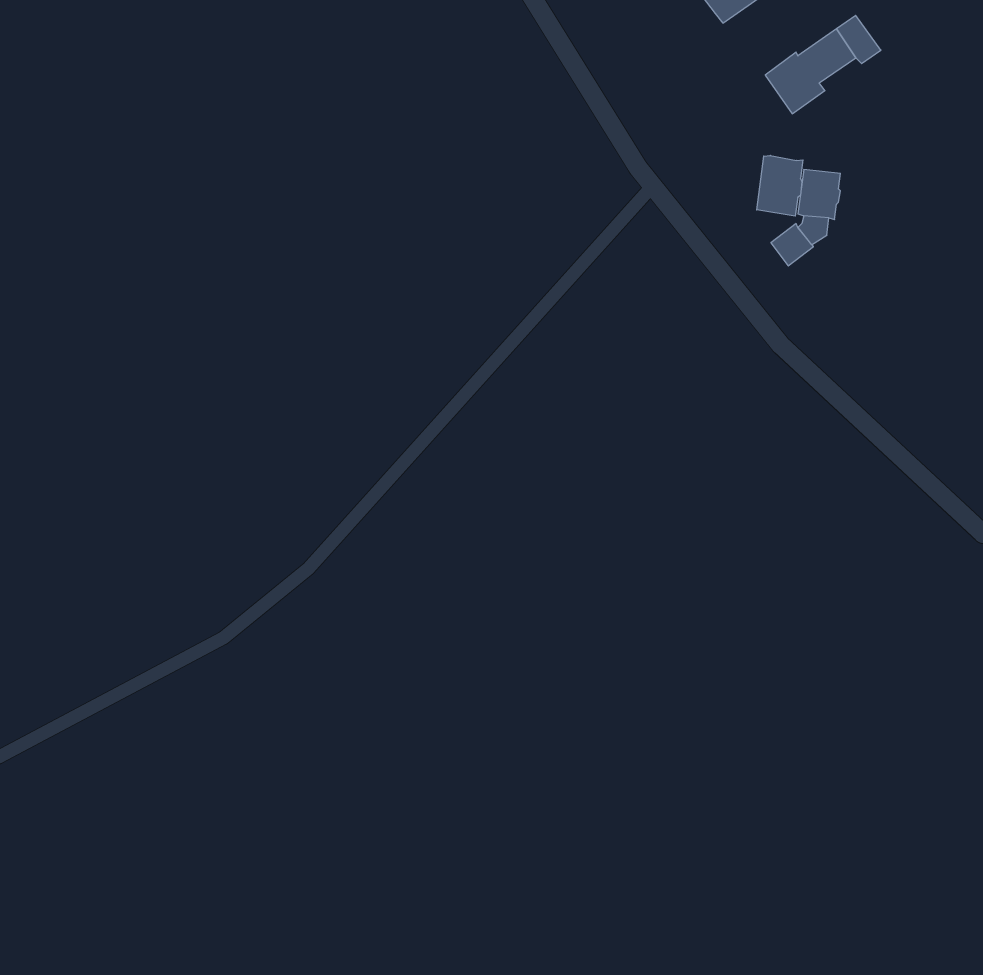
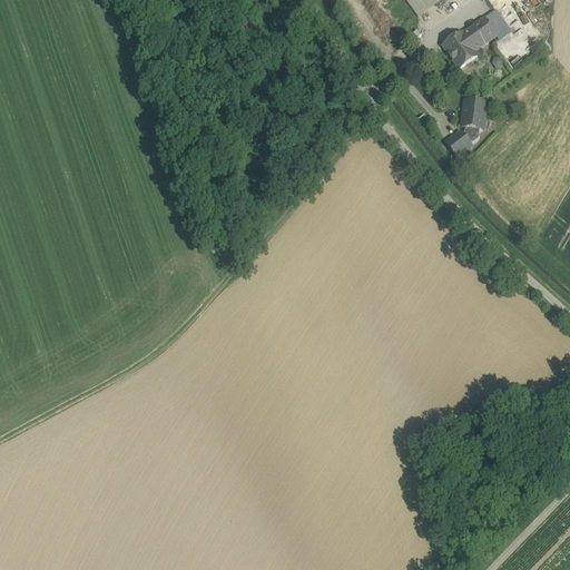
building: [757,155,803,216] -> none

